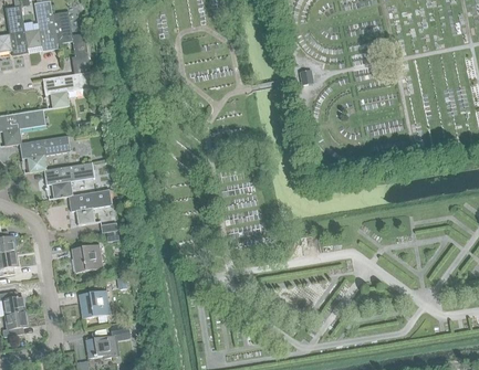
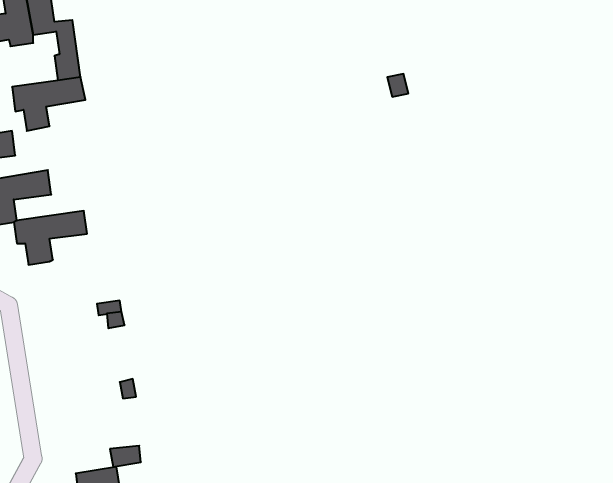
building: [67,189,111,224] -> none
building: [71,243,102,272] -> none
building: [79,289,108,317] -> none

